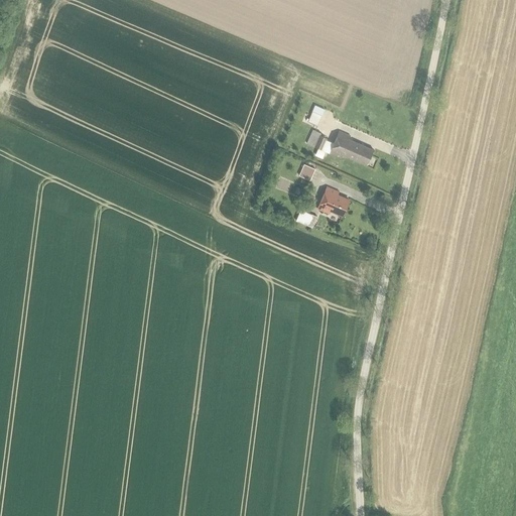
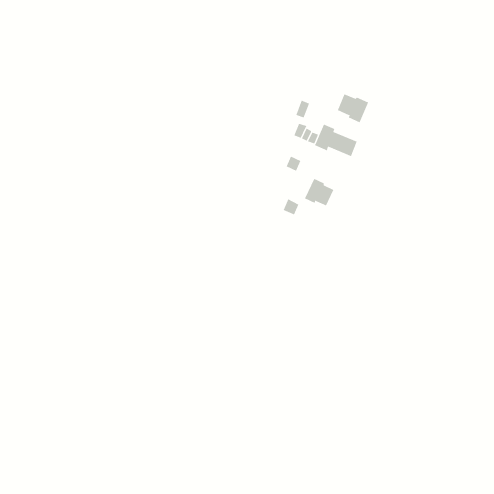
building: none -> [337,94,369,123]

